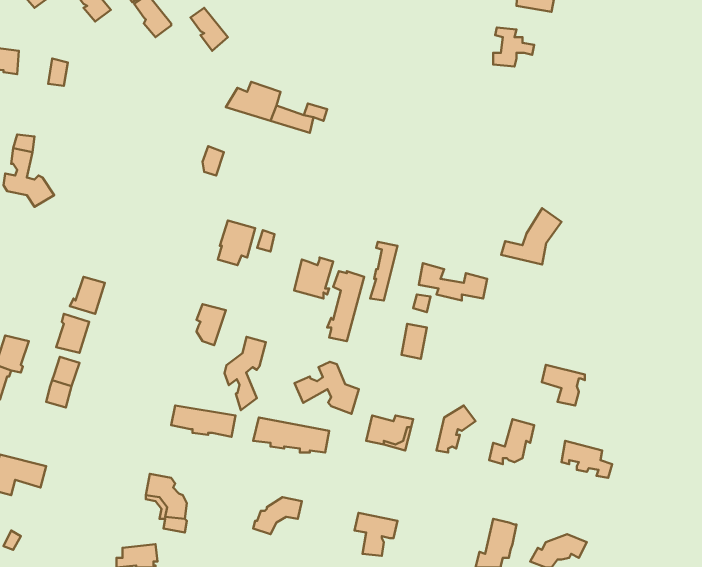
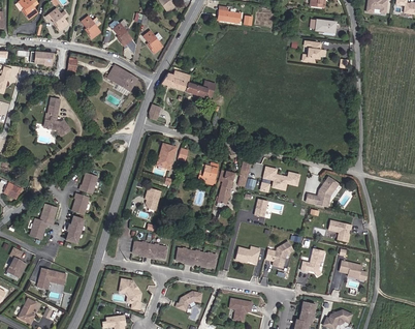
building: none -> [106,64,137,91]
building: [501,208,562,265] -> [306,176,338,206]
building: [225,337,266,410] -> none
building: [295,362,359,414] -> none

